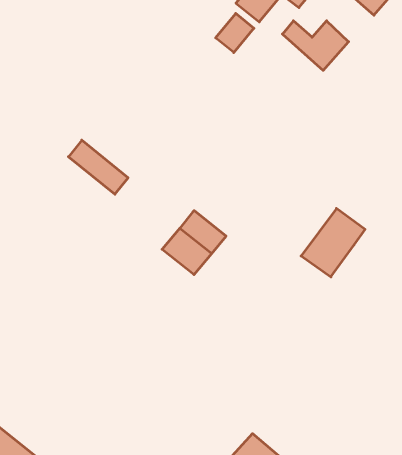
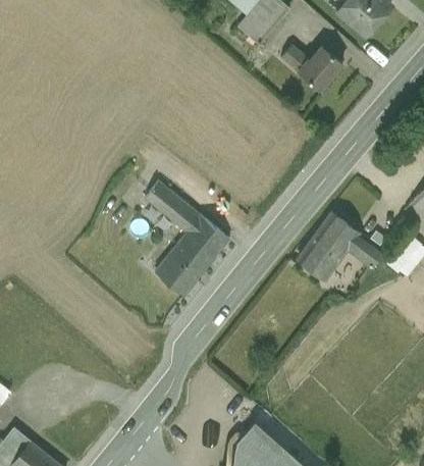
building: [216,13,254,53] -> none
building: [68,140,128,194] -> [144,184,199,234]
building: none -> [348,235,381,266]
building: none -> [154,253,200,297]

